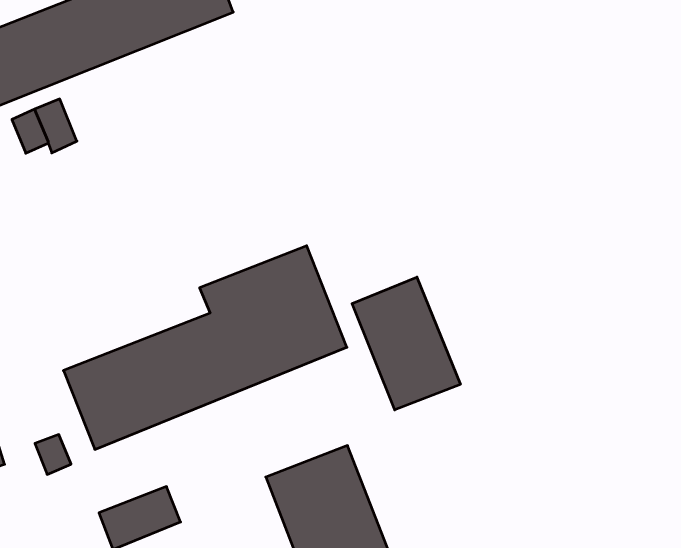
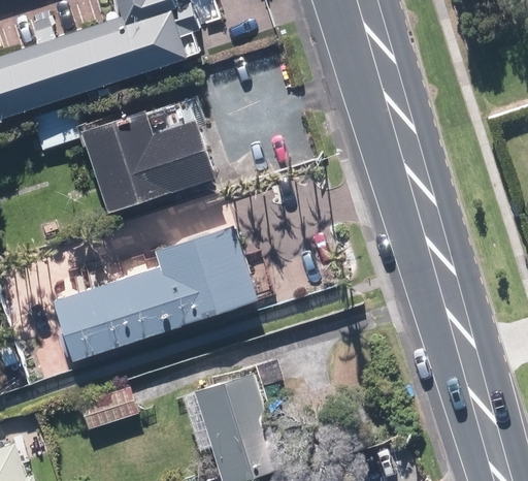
building: none -> [81,111,216,213]
building: [352,277,460,410] -> none

